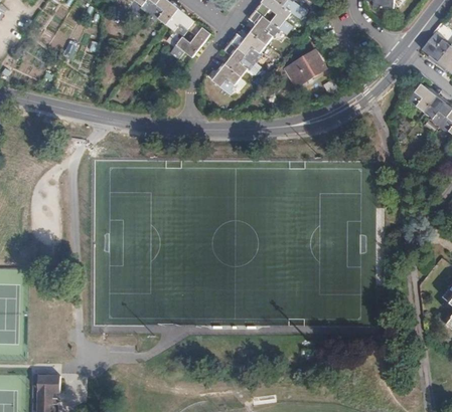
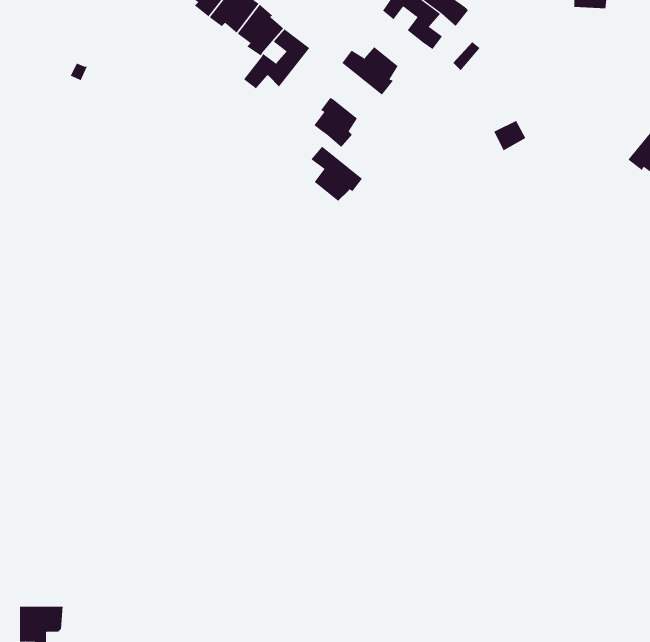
building: [249,9,281,43] -> none
building: [223,41,256,75] -> [310,146,363,202]
building: [285,49,326,86] -> none

